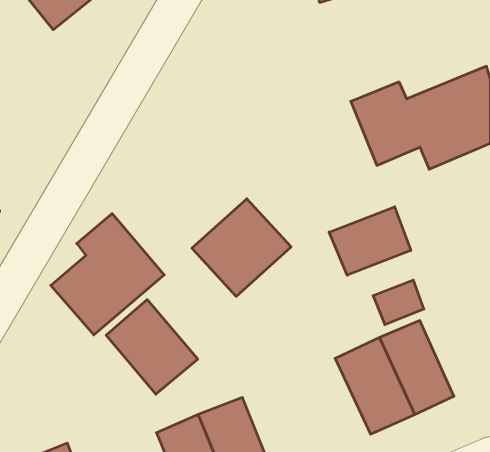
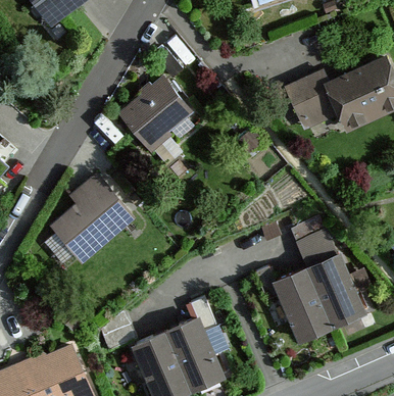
building: [192,199,291,296] -> [118,76,196,152]
building: [329,207,411,275] -> none
building: [106,300,198,394] -> none

